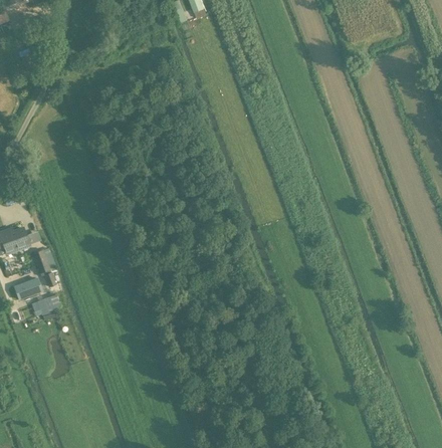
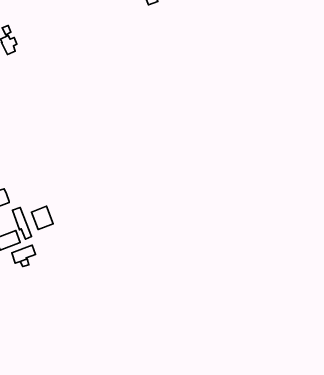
building: none -> [32,206,53,229]

